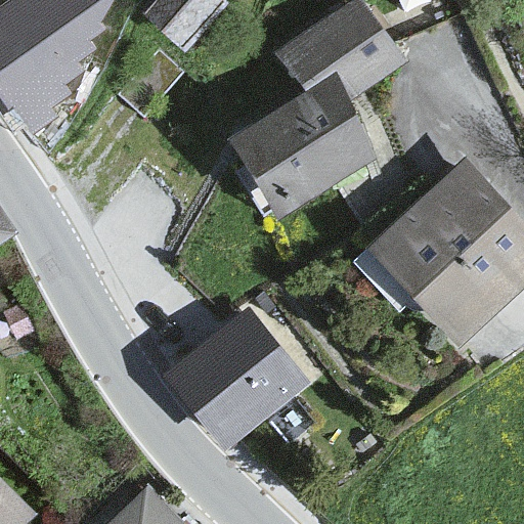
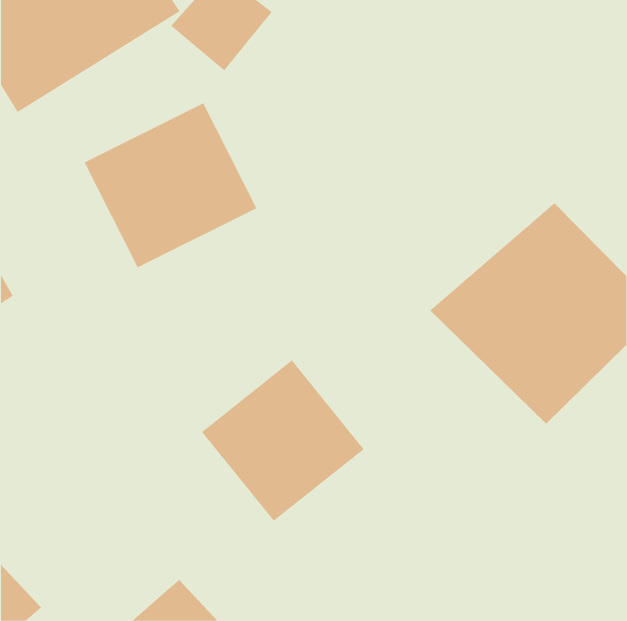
building: [225,4,401,213] -> none
building: none -> [84,103,257,268]

